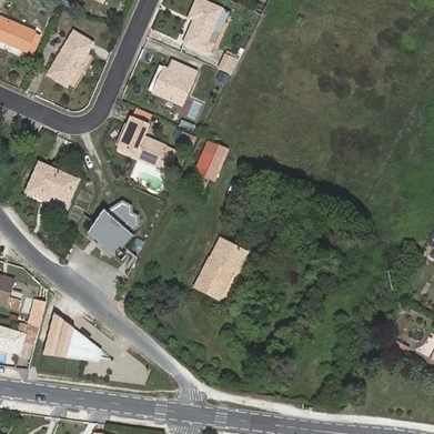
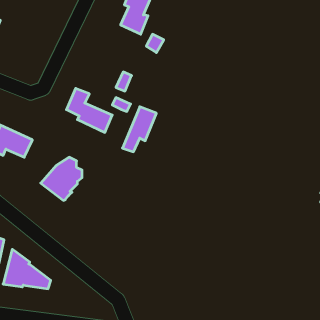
building: [47,32,91,85] -> none
building: [153,59,195,104] -> none
building: [194,238,246,297] -> none

